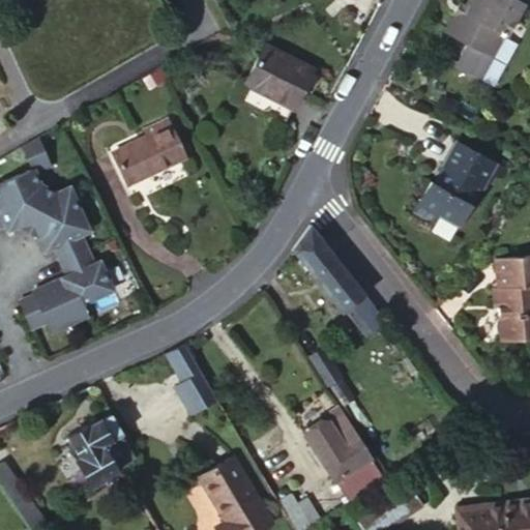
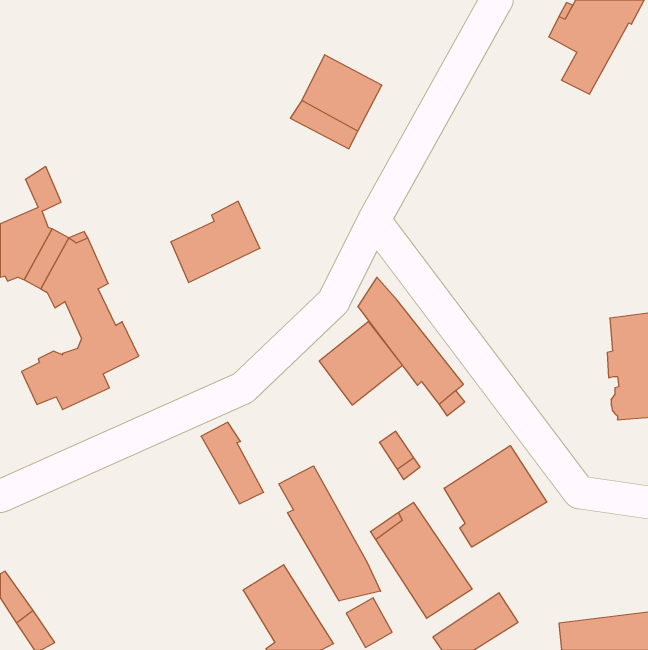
building: [113,118,185,184] -> [171,201,260,283]
building: [415,142,497,227] -> none
building: none -> [319,321,403,405]
building: none -> [444,446,547,547]
building: none -> [279,466,381,601]
building: [67,413,134,487] -> none

